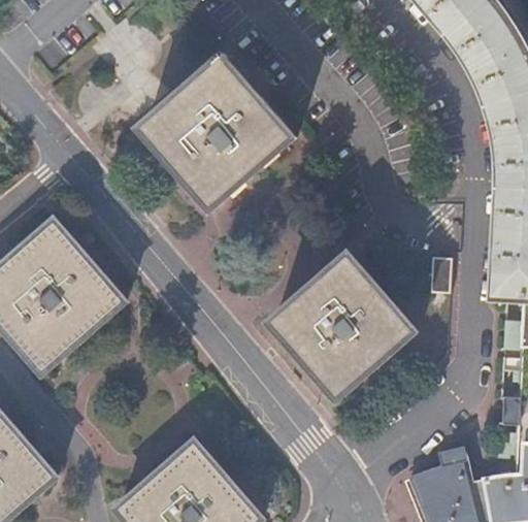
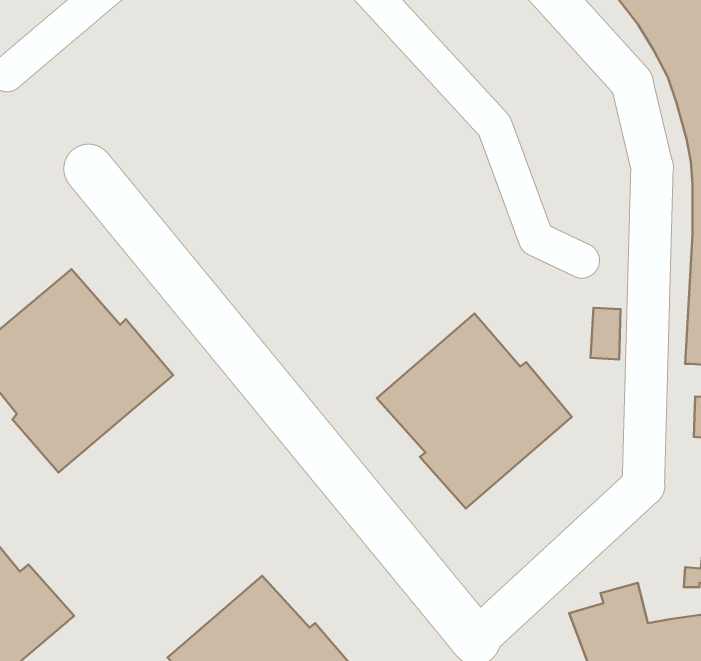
building: [148,53,295,209] -> none

